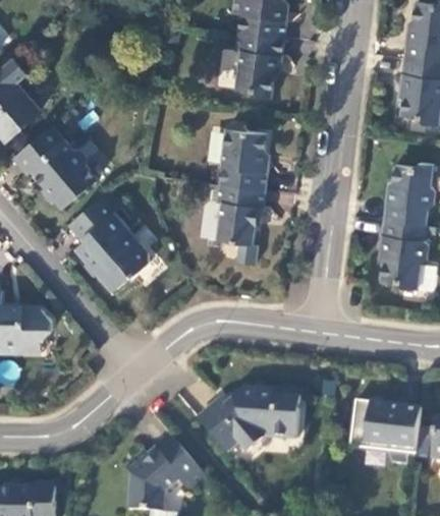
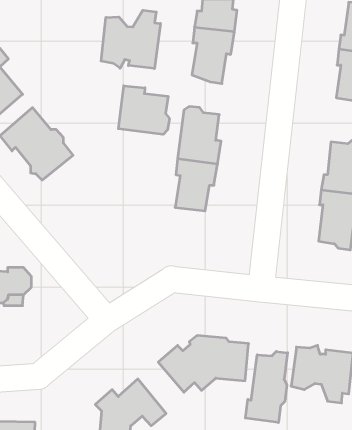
building: none -> [101,10,160,69]
building: none -> [118,86,169,134]
building: [69,192,149,292] -> none
building: none -> [245,351,288,423]

